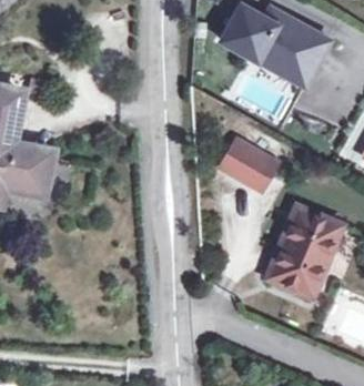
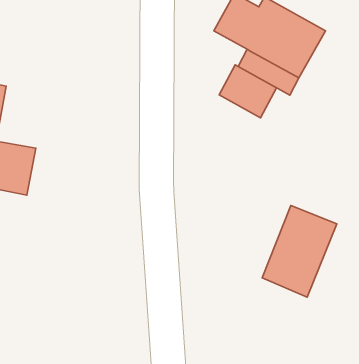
building: [219,140,274,191] -> [219,65,277,118]

